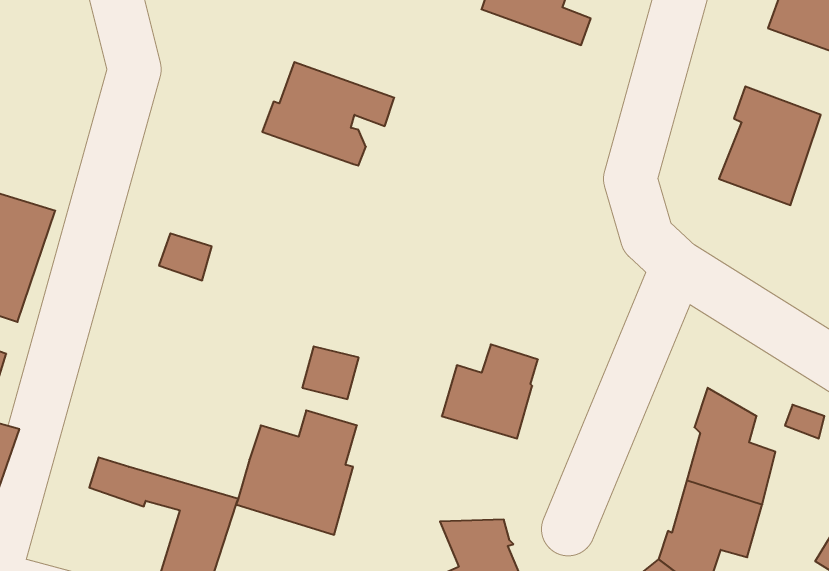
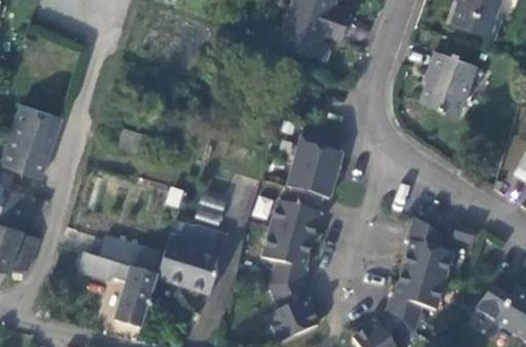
building: [262,62,394,166] -> [274,9,346,66]
building: none -> [287,124,342,202]
building: none -> [262,231,311,288]
building: none -> [100,236,165,276]

